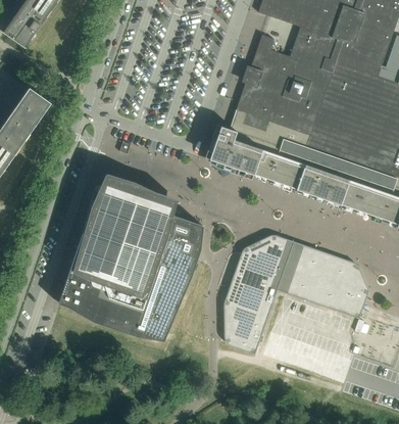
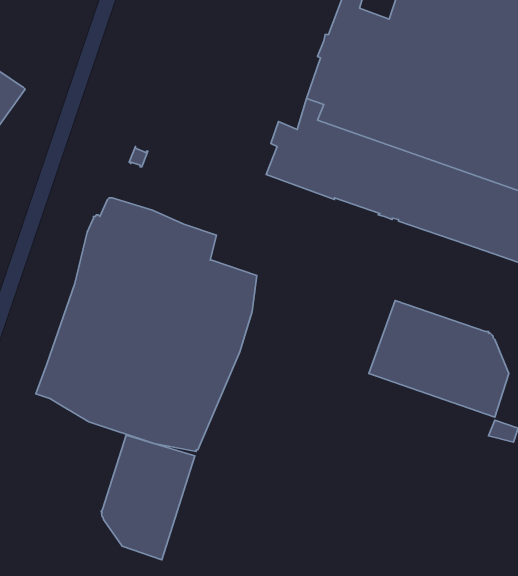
building: [223,235,294,350] -> none
building: none -> [101,435,195,560]

